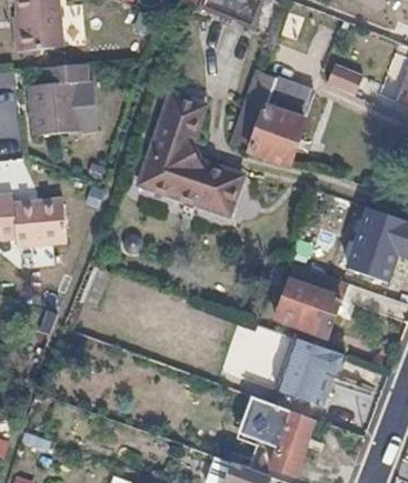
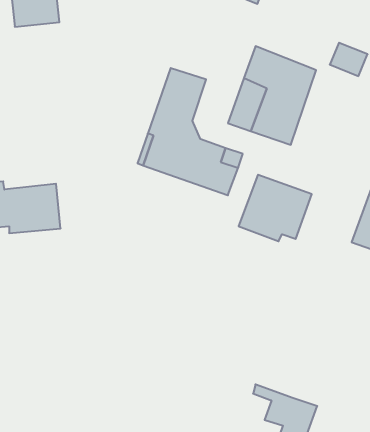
building: [27,64,91,134] -> none
building: [275,266,346,331] -> [239,175,312,241]
building: [277,336,347,403] -> none

